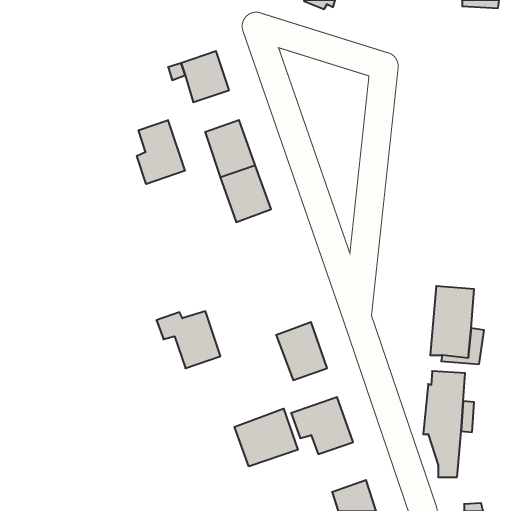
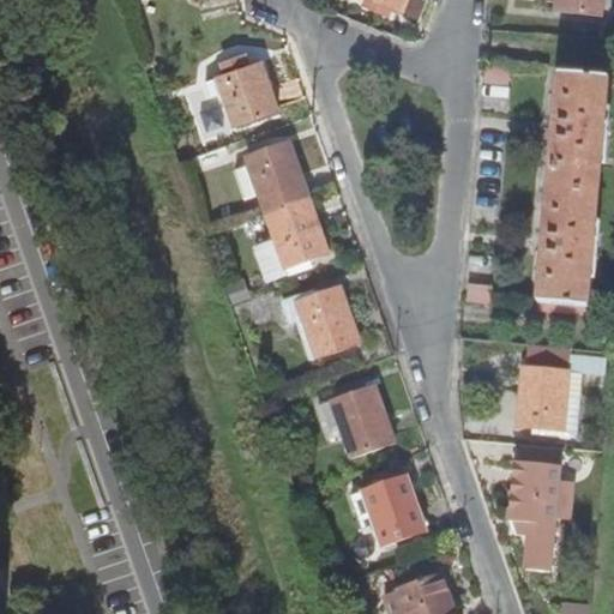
building: none -> [537,72,607,306]
building: [137,120,185,184] -> none
building: [156,311,220,368] -> [281,288,357,356]
building: [234,409,298,466] -> none

